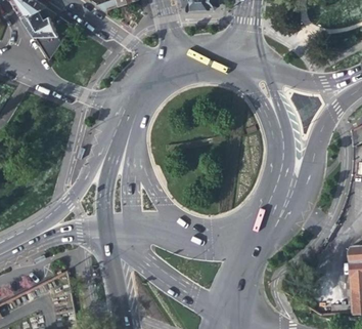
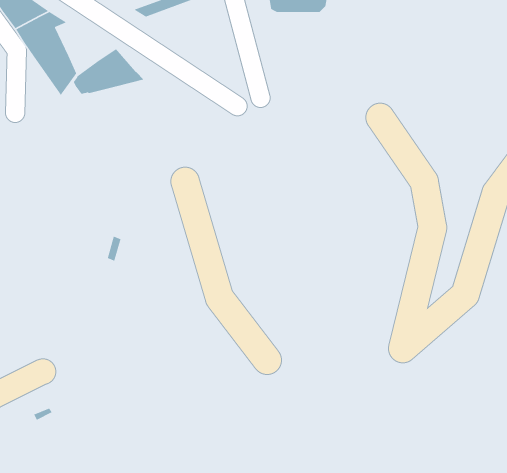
building: none -> [73,48,144,94]

